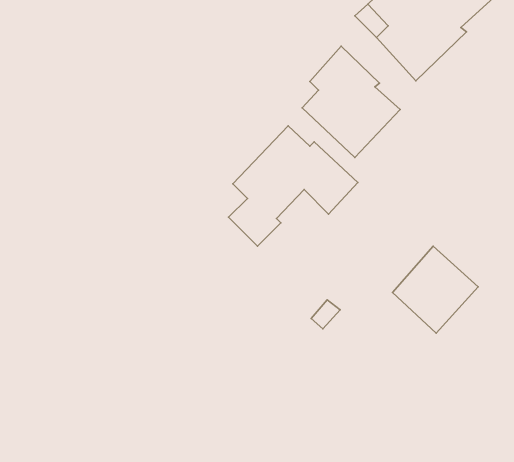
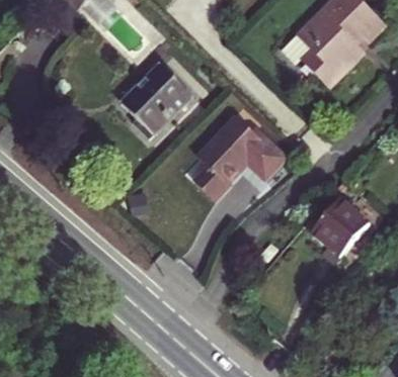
building: [302,46,400,157] -> none
building: none -> [122,68,189,140]

